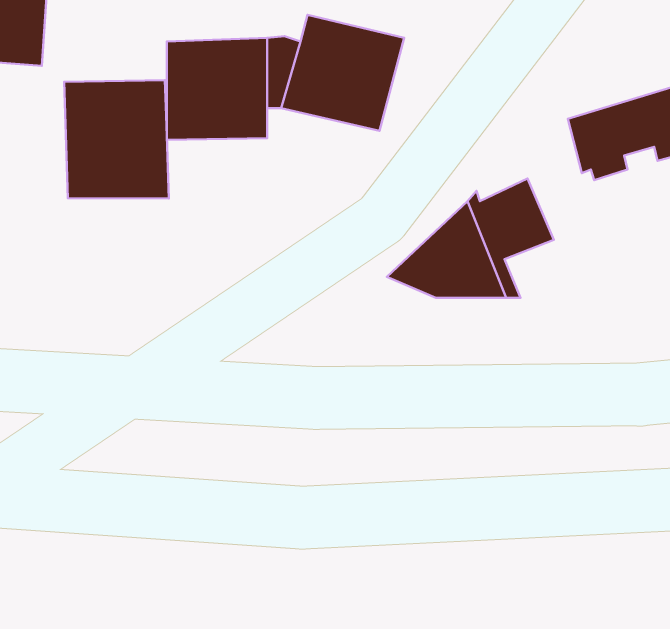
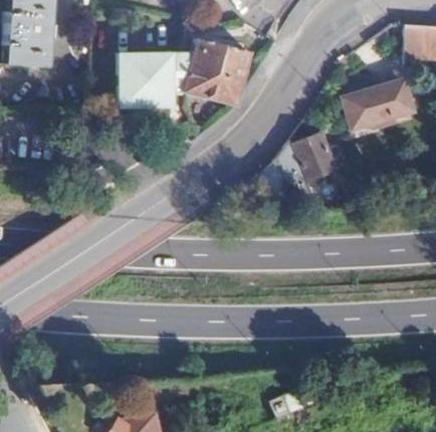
building: [64,80,169,198] -> none

